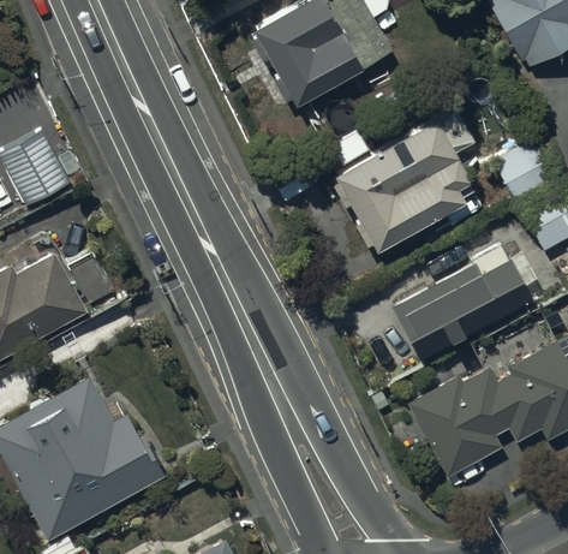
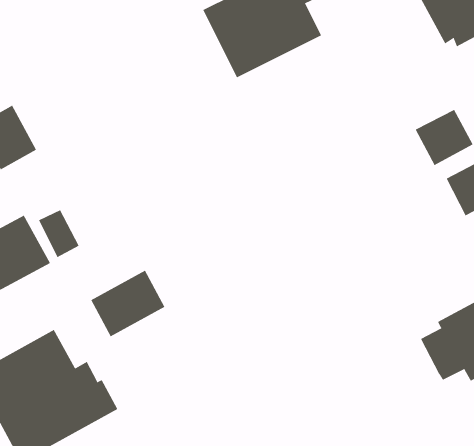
building: [336,121,462,243] -> none
building: [393,244,525,355] -> none
building: none -> [90,270,165,337]
building: [415,382,516,478] -> none

